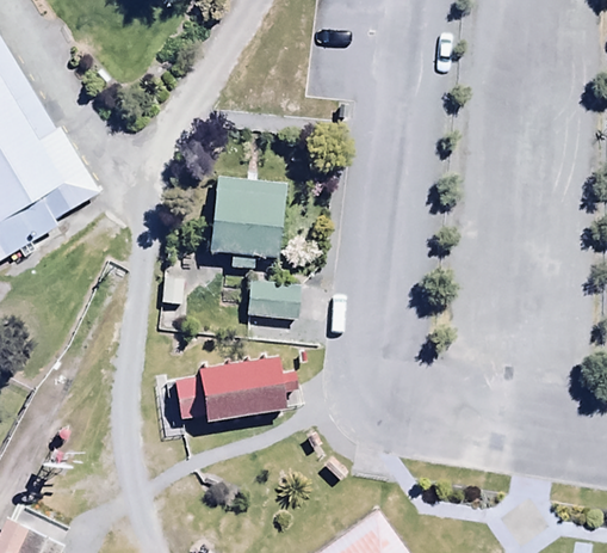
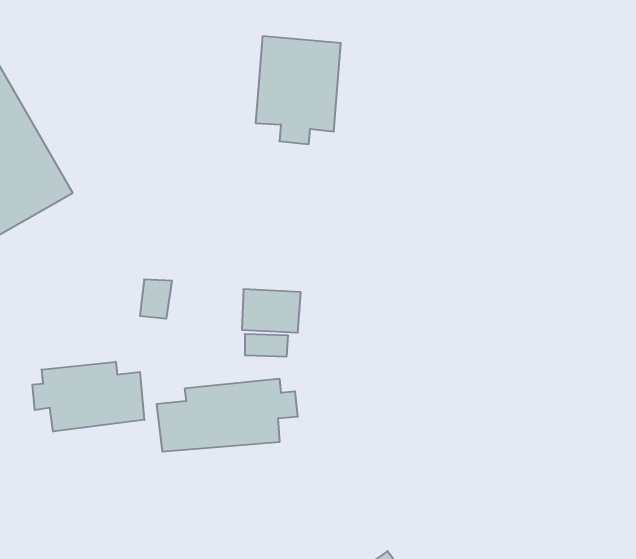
building: [209,178,281,270] -> [256,36,341,144]
building: none -> [32,362,144,432]

